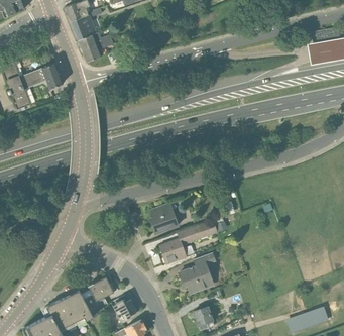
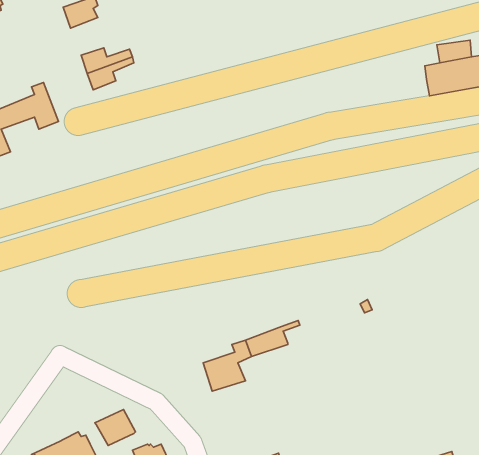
building: [71,14,95,39] -> none
building: [149,204,178,230] -> none
building: [179,253,215,293] -> none

